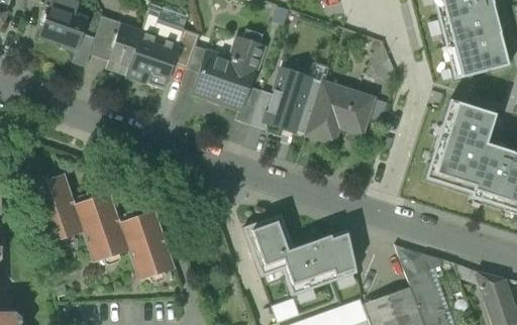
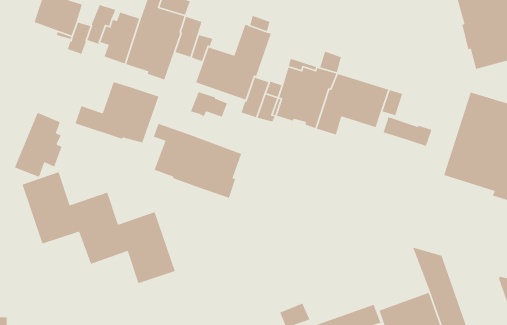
building: none -> [74,81,160,144]
building: none -> [190,91,228,120]
building: none -> [14,112,62,178]
building: none -> [382,116,432,147]
building: none -> [153,123,242,199]
building: [243,213,357,295] -> none

